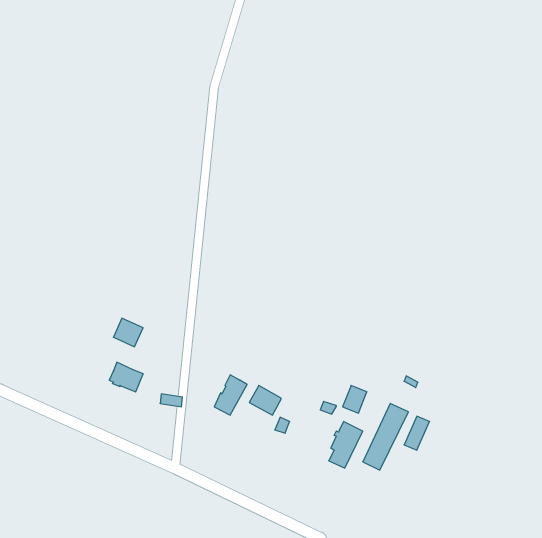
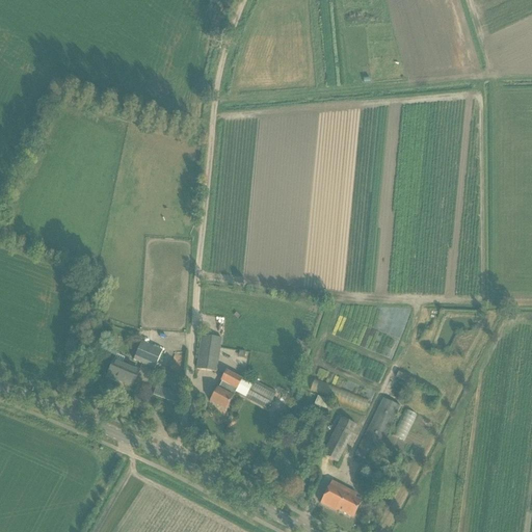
building: [113,318,143,347] -> [133,339,162,367]
building: none -> [196,332,221,369]
building: none -> [320,479,362,515]

